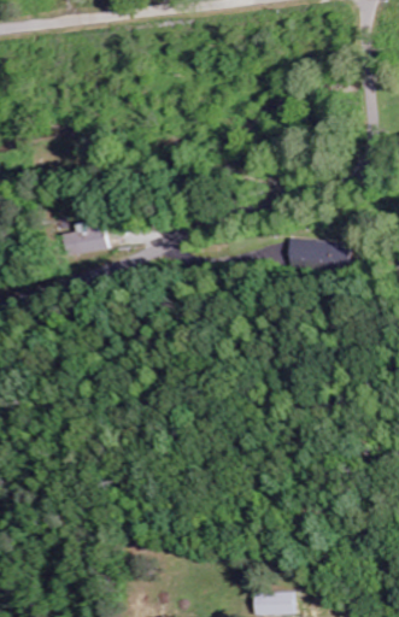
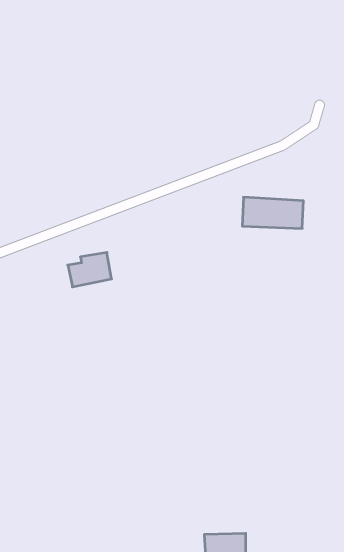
building: [68,221,113,257] -> [68,252,112,287]

